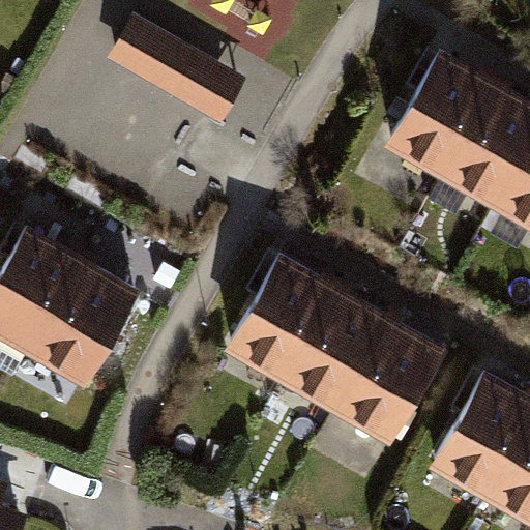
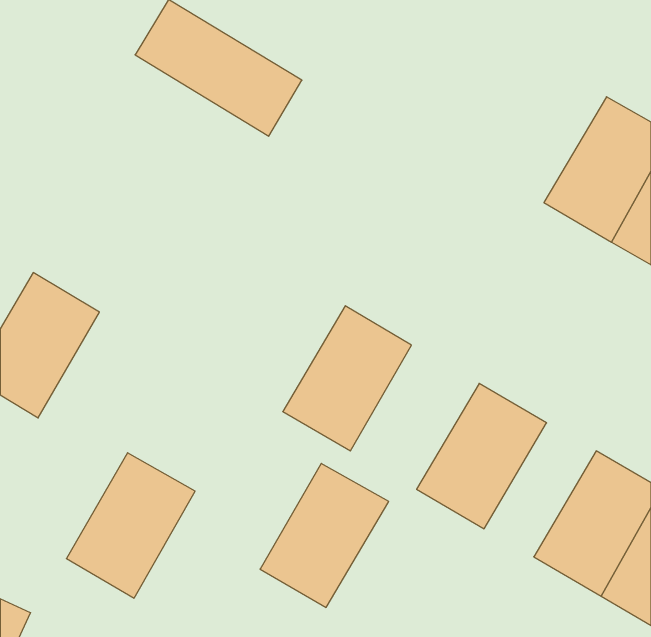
building: [387,58,493,176] -> none
building: [31,265,136,383] -> [66,453,195,598]
building: [285,292,389,409] -> [260,463,389,607]

